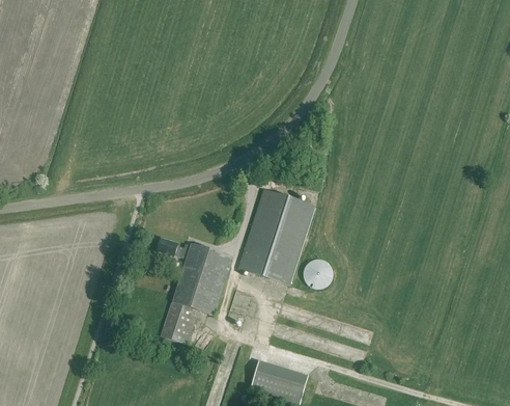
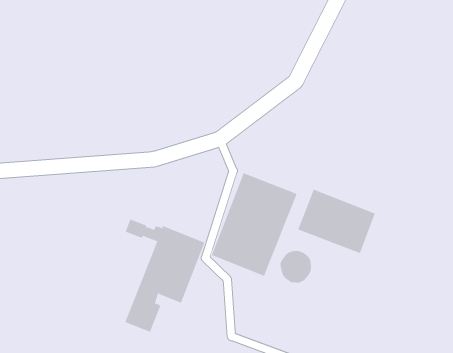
building: none -> [297,189,376,254]

